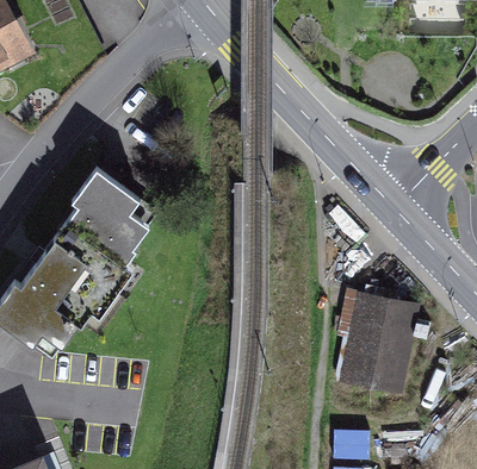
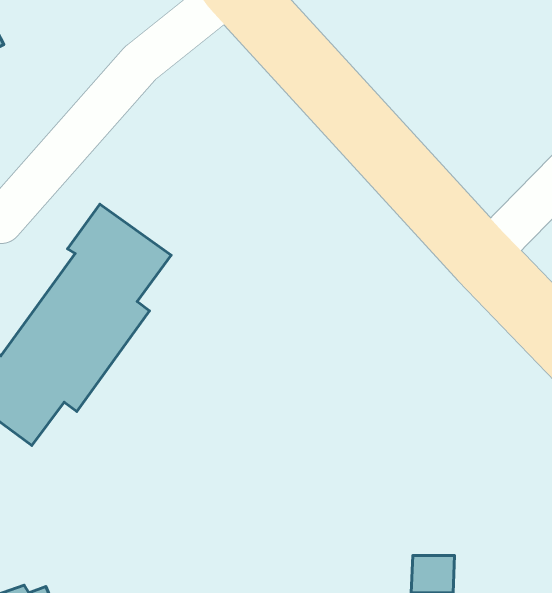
building: [343,295,420,387] -> none

